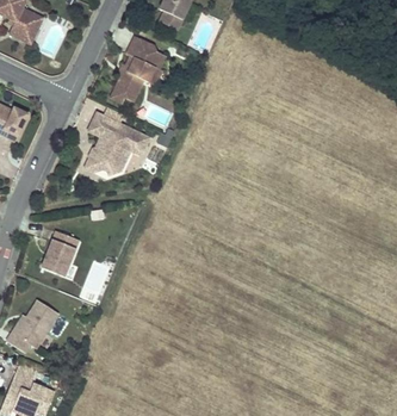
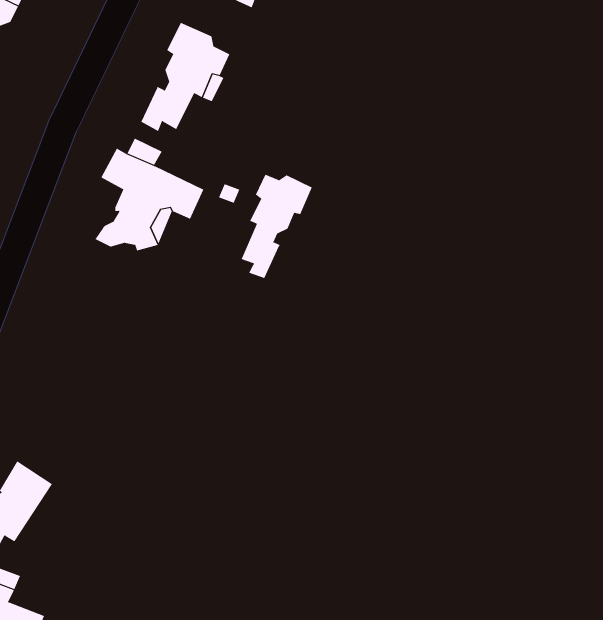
building: none -> [241,174,312,279]
building: [41,230,79,275] -> none

